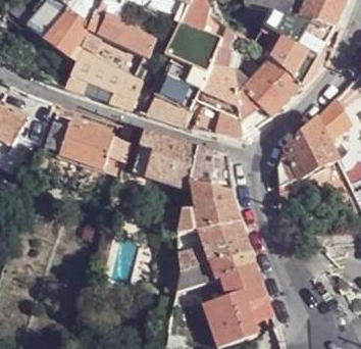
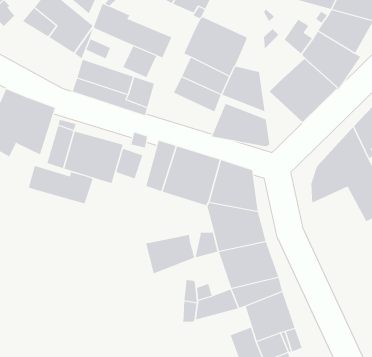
building: [235,65,272,134] -> none
building: [147,88,195,126] -> none
building: none -> [28,165,93,204]
building: none -> [146,234,195,274]

